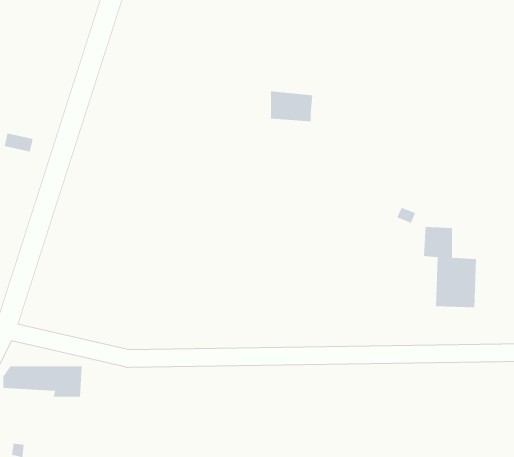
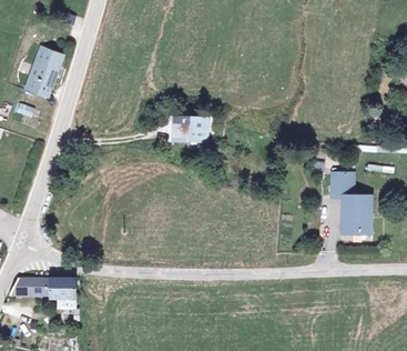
building: none -> [29,47,60,94]
building: [270,91,313,122] -> [174,114,206,138]

